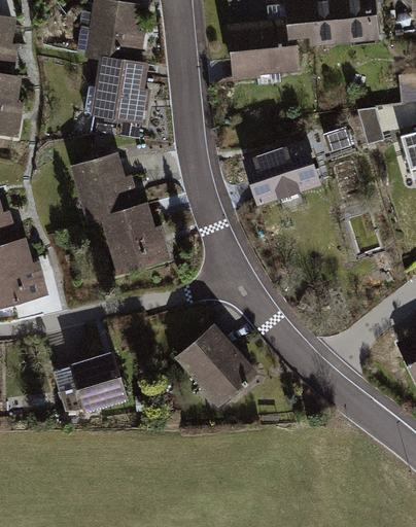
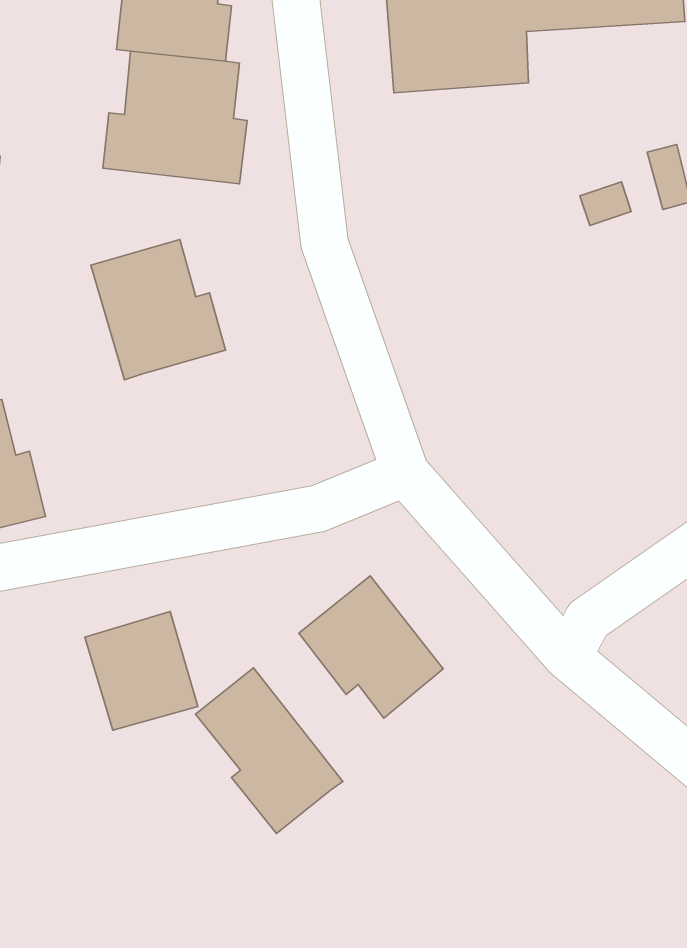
building: [243,132,321,198] -> none
building: [99,210,173,281] -> none
building: none -> [195,668,343,833]

